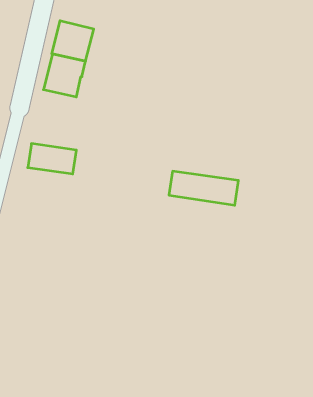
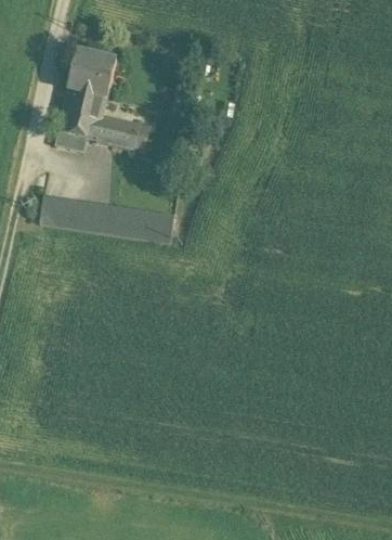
building: none -> [96,116,140,149]
building: [169,171,238,205] -> [92,203,174,243]

